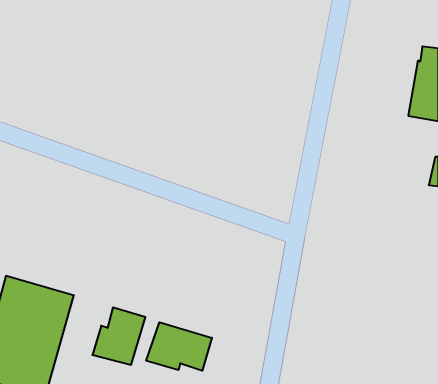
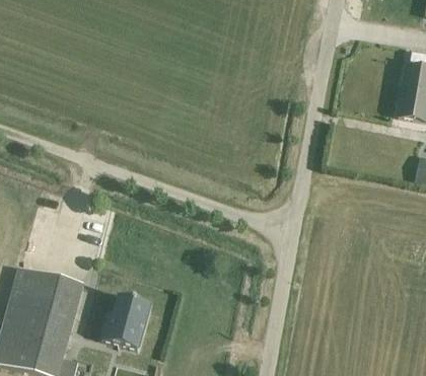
building: [146,322,212,371] -> none

